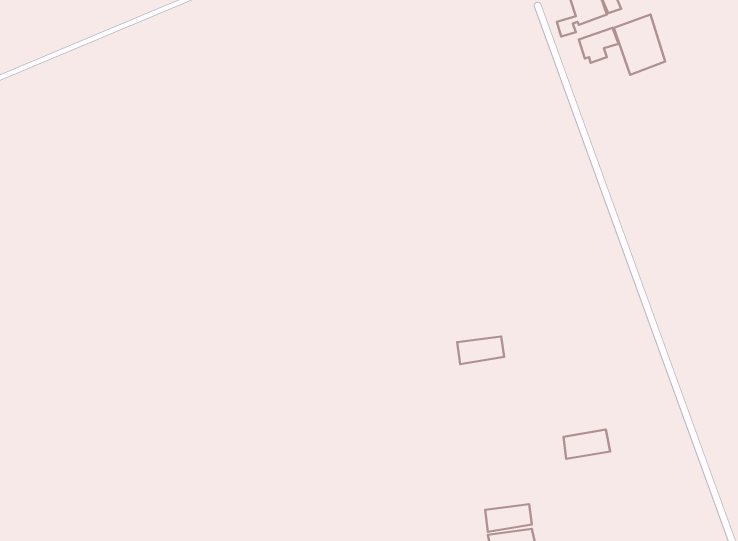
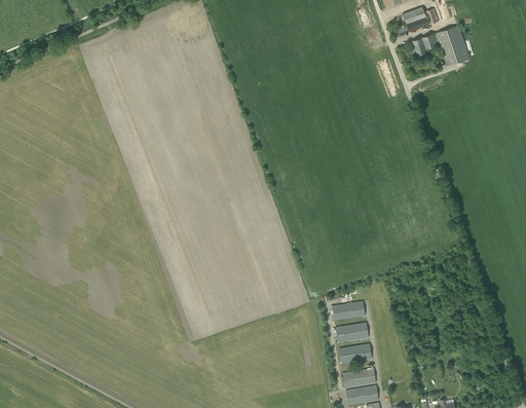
building: [457,336,504,364] -> [332,301,365,321]
building: [563,430,610,459] -> [336,322,369,342]
building: none -> [339,343,372,364]

